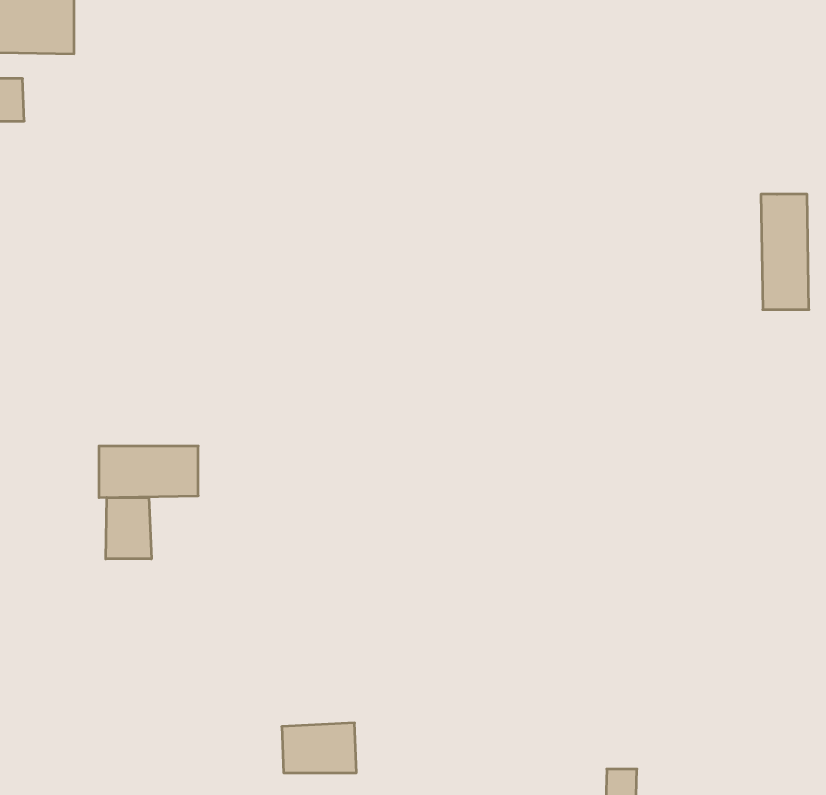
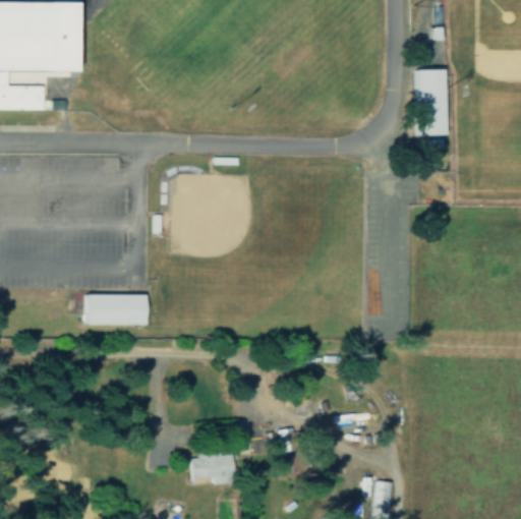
building: [761,194,809,310] -> [417,68,445,134]
building: [106,497,151,559] -> none

